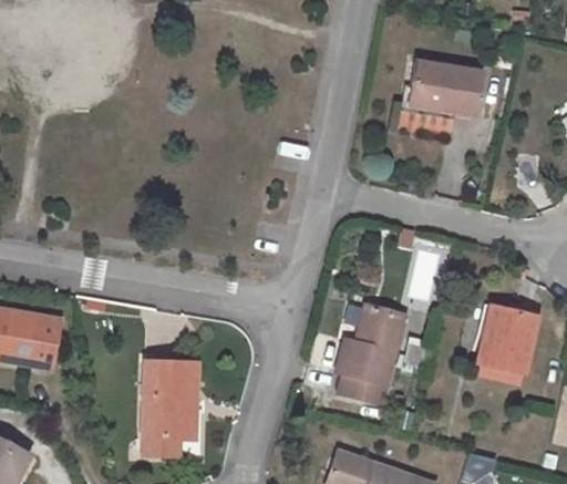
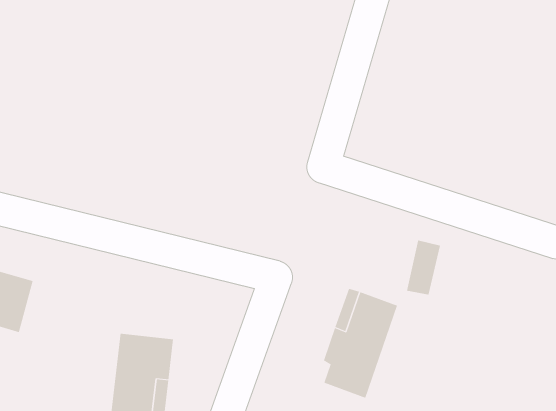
building: [410,62,482,115] -> none
building: [478,305,536,374] -> none

